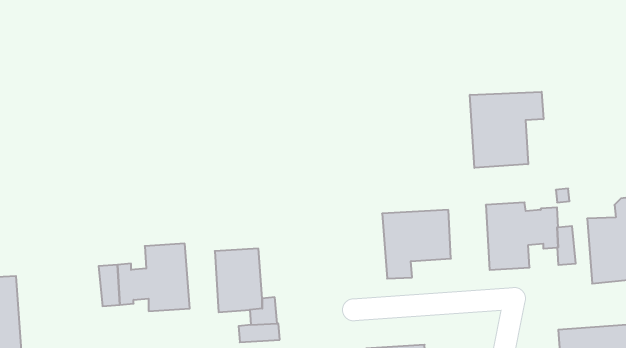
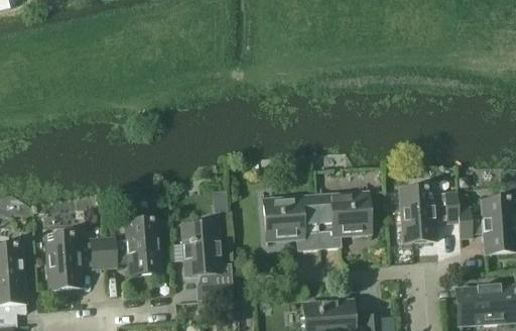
building: [470,92,543,168] -> none
building: none -> [266,195,321,249]
building: none -> [46,233,82,288]

